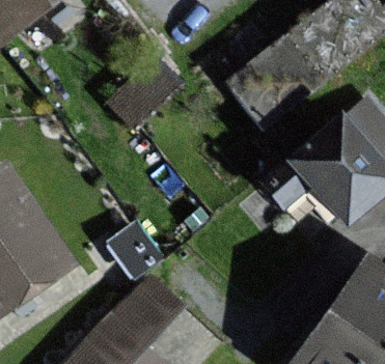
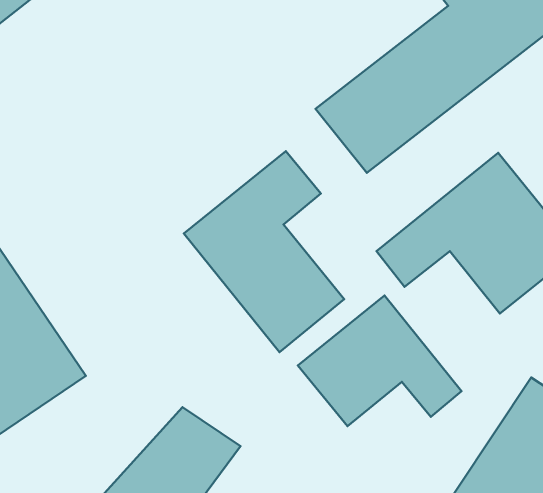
building: none -> [184,151,344,352]
building: none -> [298,296,462,426]

